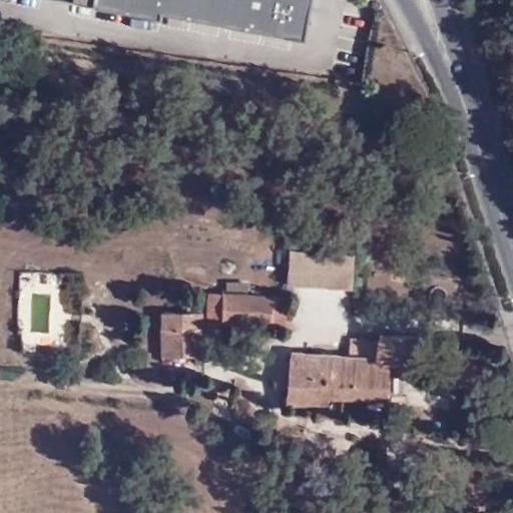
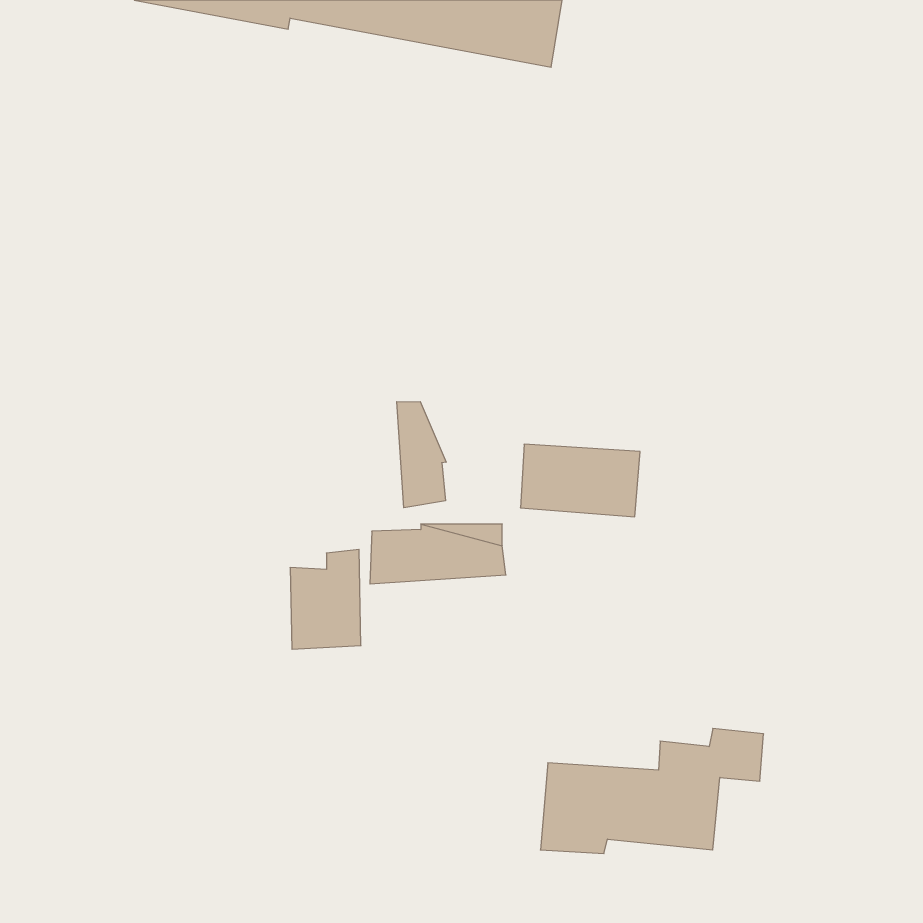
building: none -> [397,402,446,508]
building: [282,338,405,407] -> [540,728,764,854]

